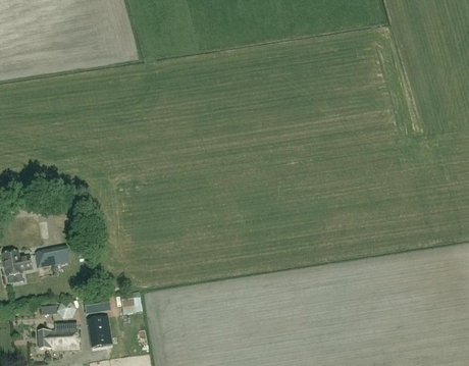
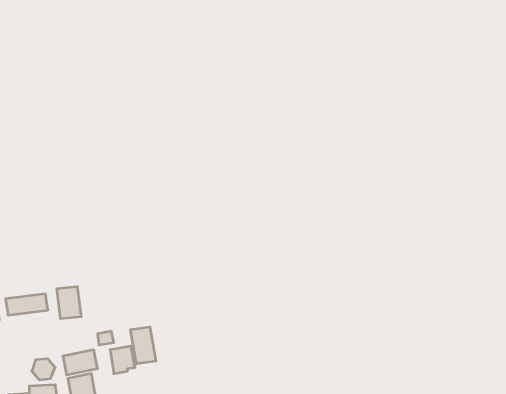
building: none -> [57,287,81,319]
building: none -> [131,327,156,364]

